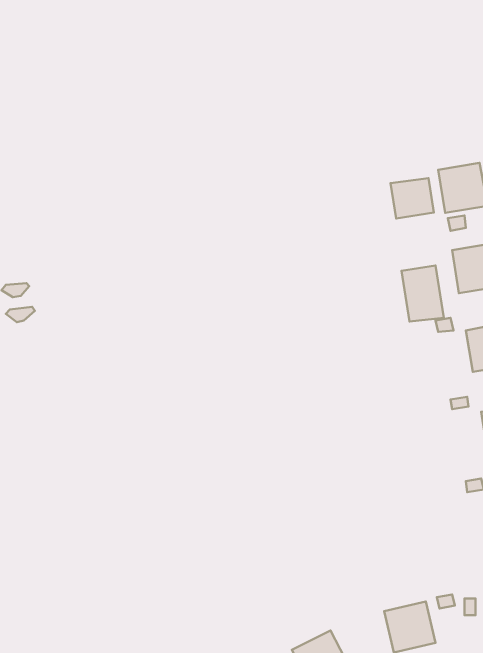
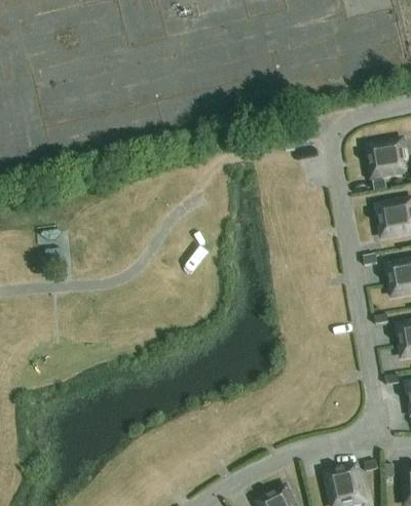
building: [391,178,434,218] -> none
building: [401,265,444,322] -> none

